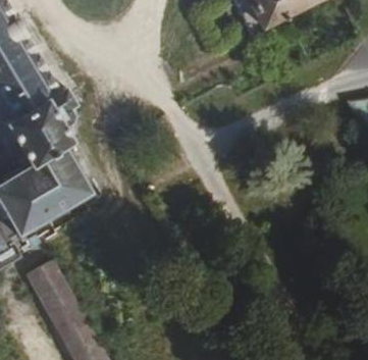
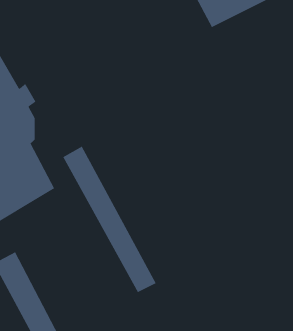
building: none -> [62,146,157,293]

